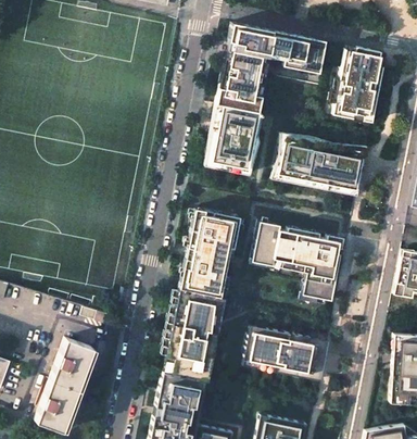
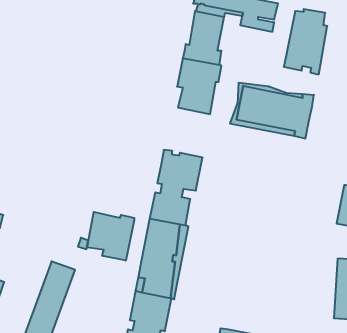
building: [205,131,260,175] -> none
building: [252,222,344,301] -> none
building: none -> [87,212,134,261]
building: [243,328,327,378] -> none

